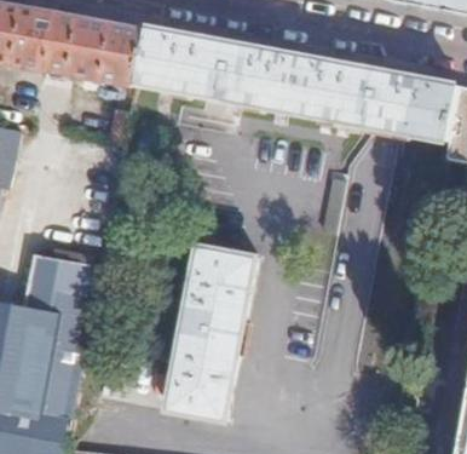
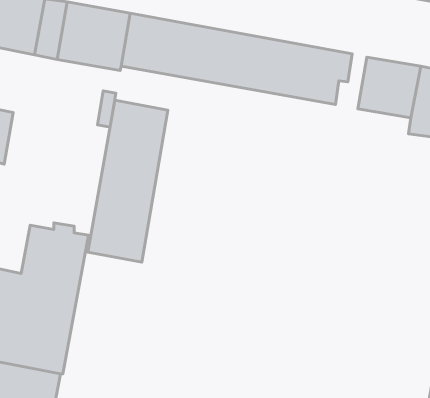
building: [364,69,398,128] -> none
building: [168,243,254,418] -> [88,100,168,262]

